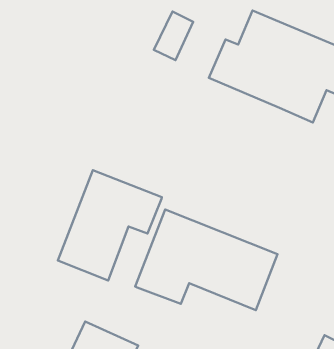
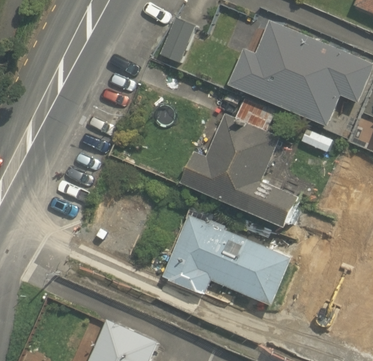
building: none -> [178,97,300,230]
building: [58,170,162,280] -> none

